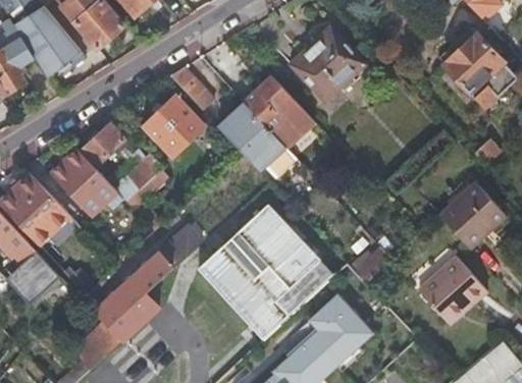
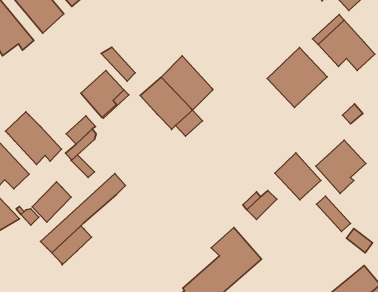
building: [290,26,365,102] -> [267,48,327,108]
building: [80,124,126,167] -> none
building: [198,203,333,338] -> none
building: [415,265,473,324] -> [275,153,321,200]
building: [71,320,120,371] -> [32,182,71,222]

